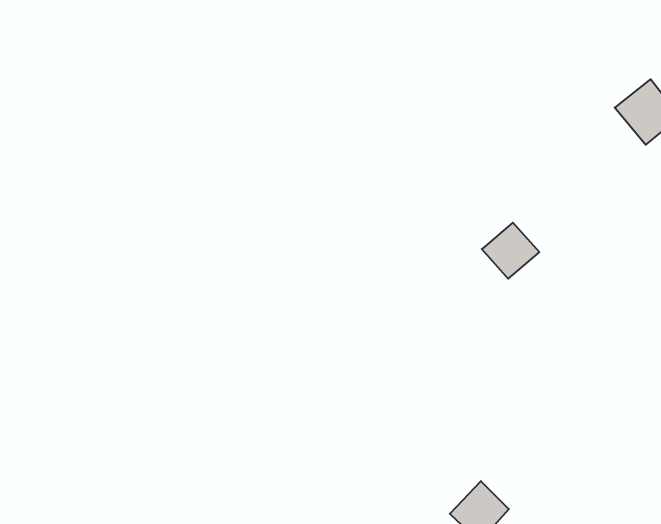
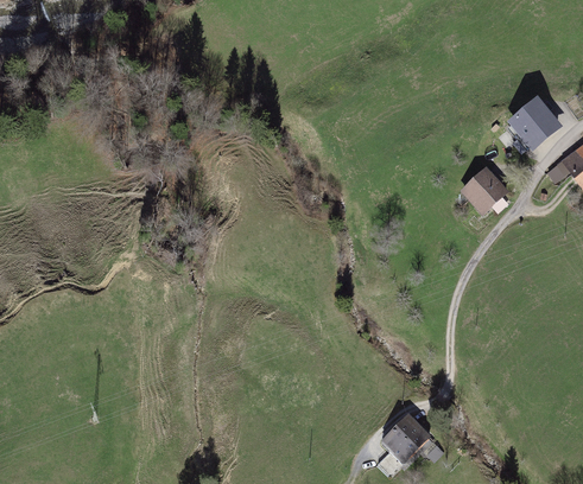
building: [482,223,539,279] -> [464,172,508,215]

